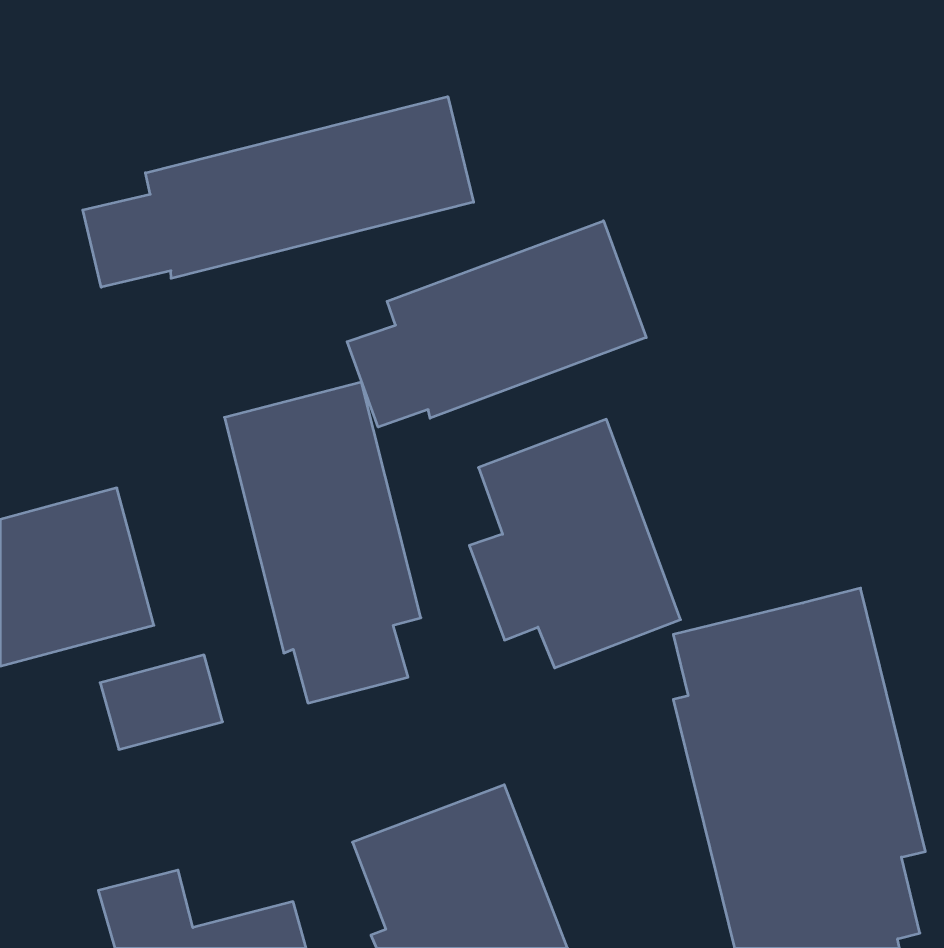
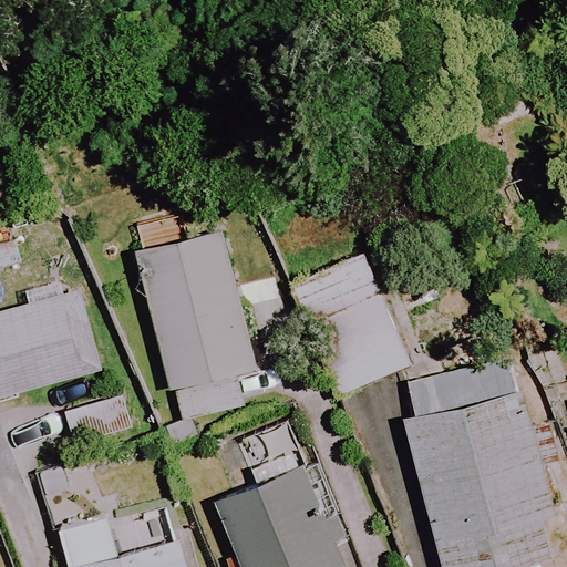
building: [83,97,474,287] -> none
building: [347,221,646,427] -> none

